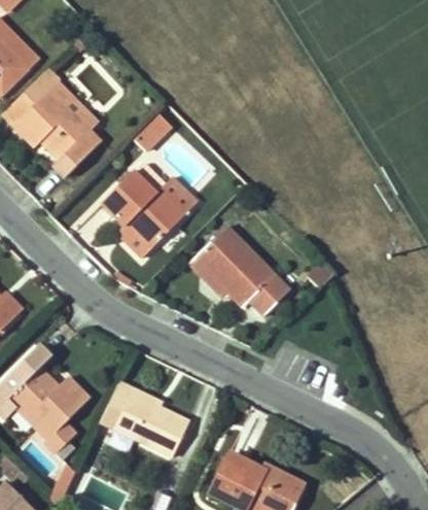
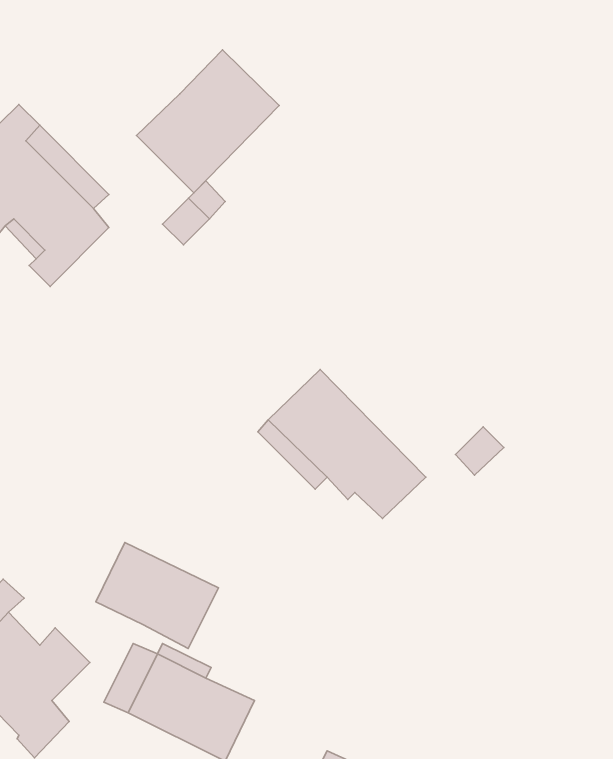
building: none -> [136,50,279,193]
building: [102,171,192,256] -> none
building: none -> [96,542,218,648]

